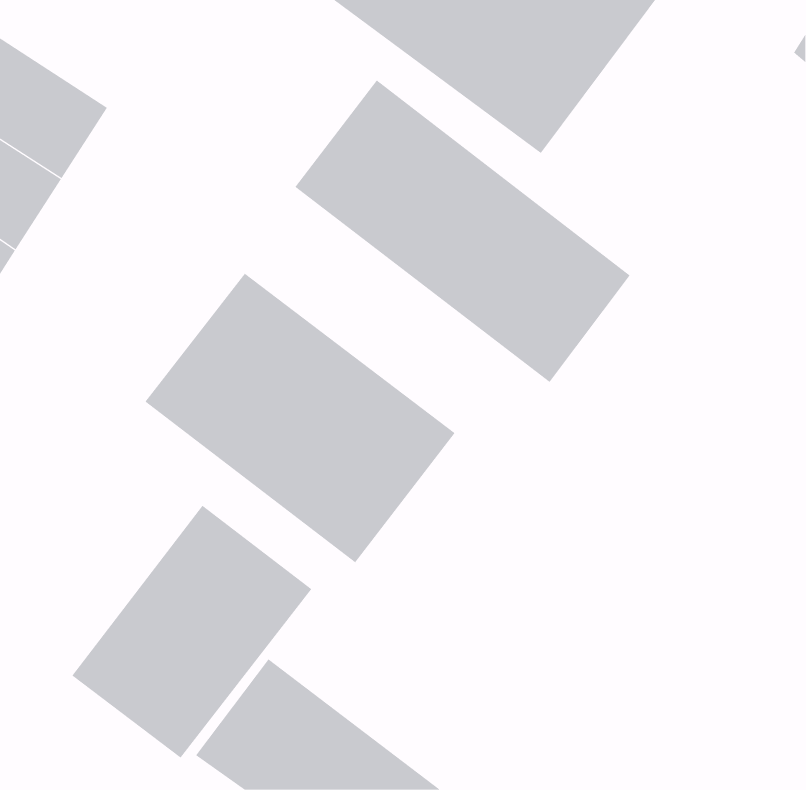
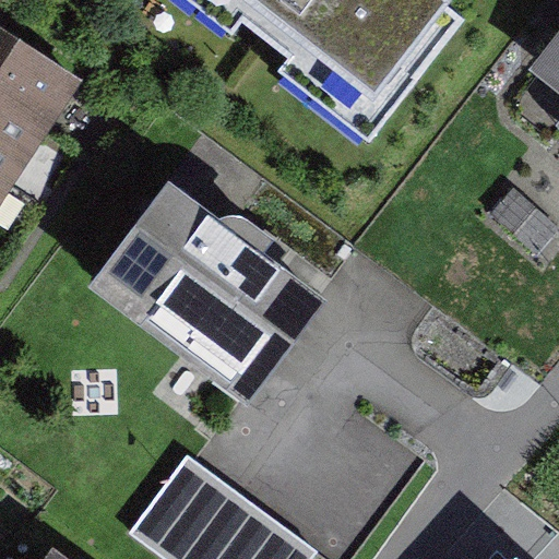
building: [294,80,630,383] -> none
building: [72,505,312,758] -> none

